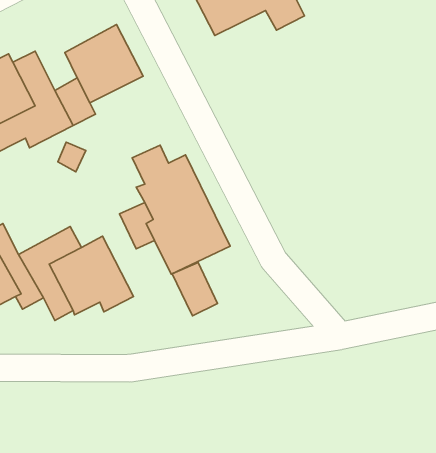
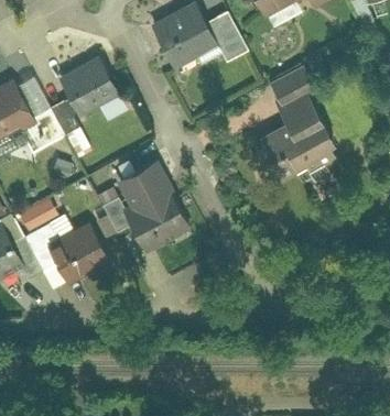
building: none -> [254,65,337,186]
building: none -> [19,197,57,230]
building: [172,263,218,316] -> none

